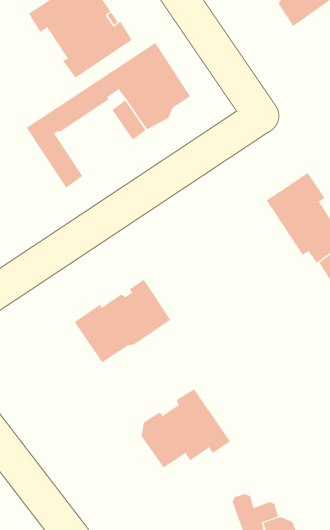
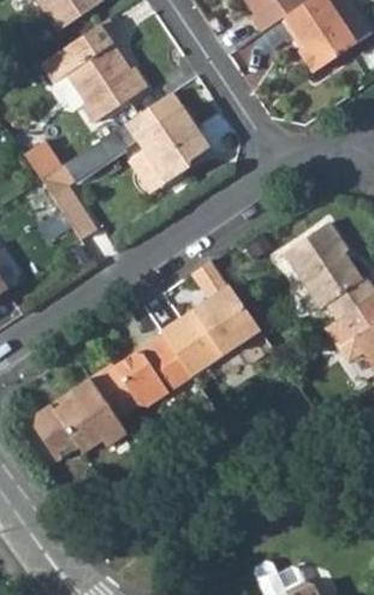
building: none -> [160,260,260,376]
building: [141,388,231,468] -> [34,379,126,460]

